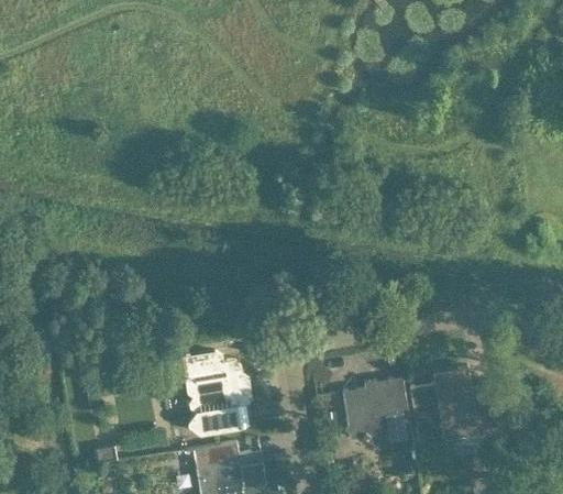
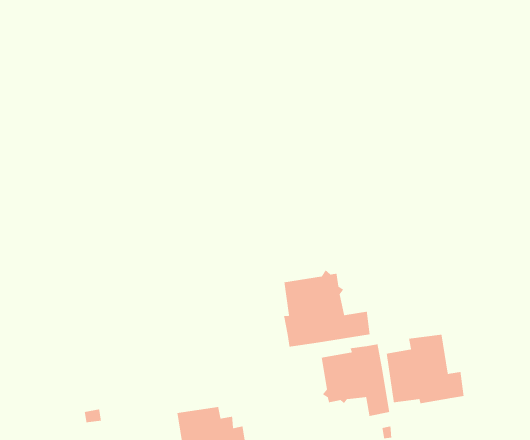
building: none -> [283,269,370,348]
building: [157,350,252,432] -> none

